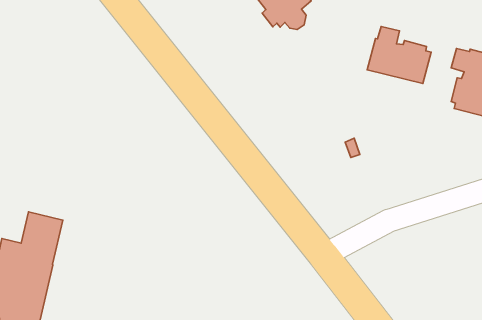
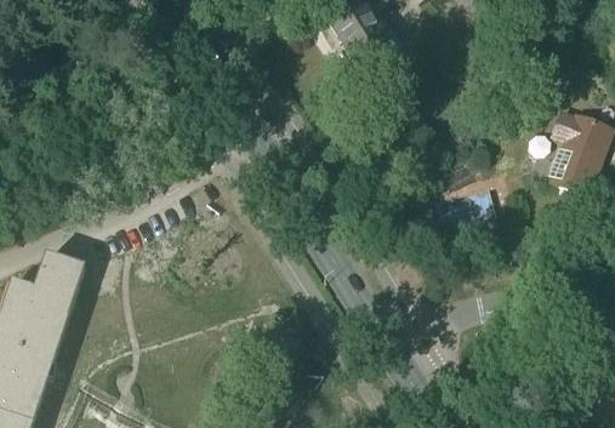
building: [367,26,431,83] -> none

